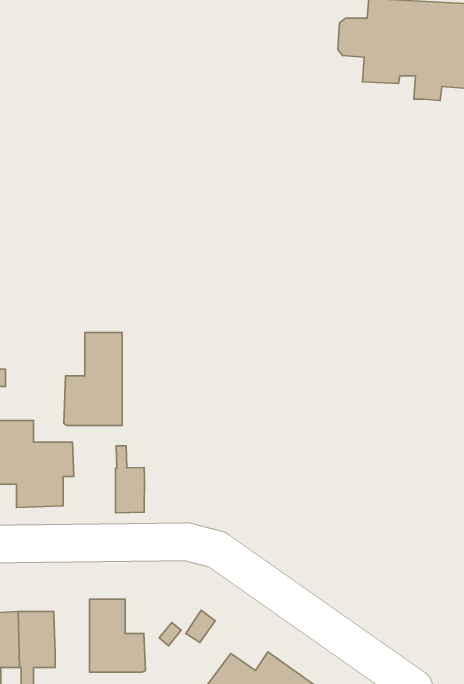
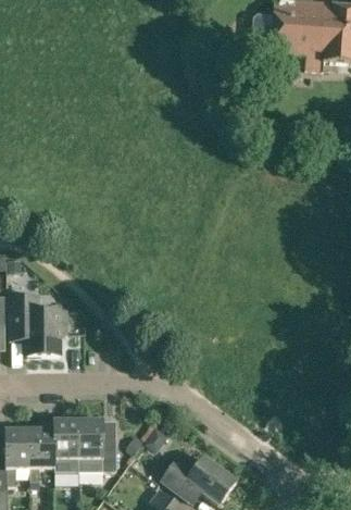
building: [64,332,122,425] -> none
building: [115,446,144,513] -> none
building: none -> [52,420,77,471]

